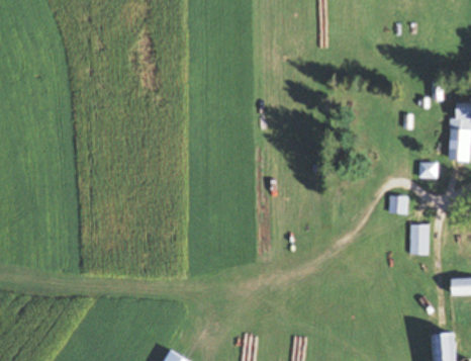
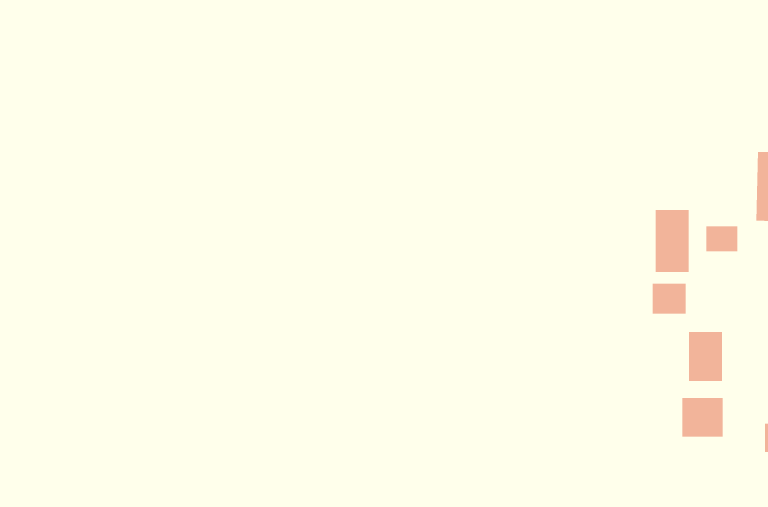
building: none -> [655,209,689,273]
building: none -> [682,397,723,438]

